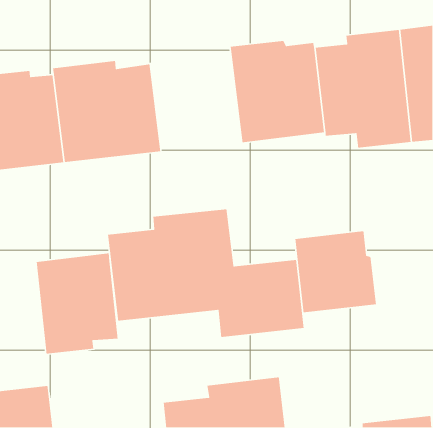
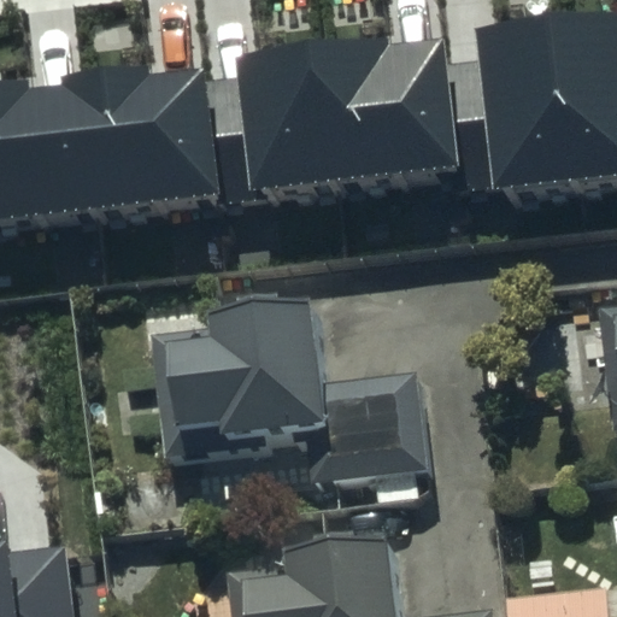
building: none -> [211,65,340,211]
building: [294,231,377,313] -> none
building: [36,253,119,355] -> none

